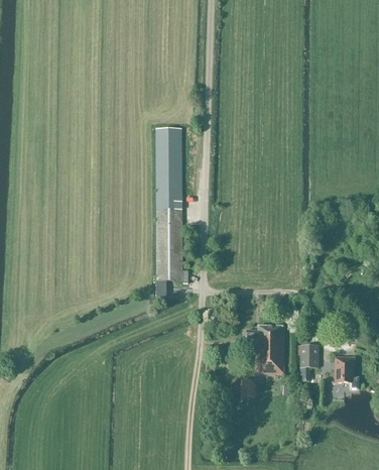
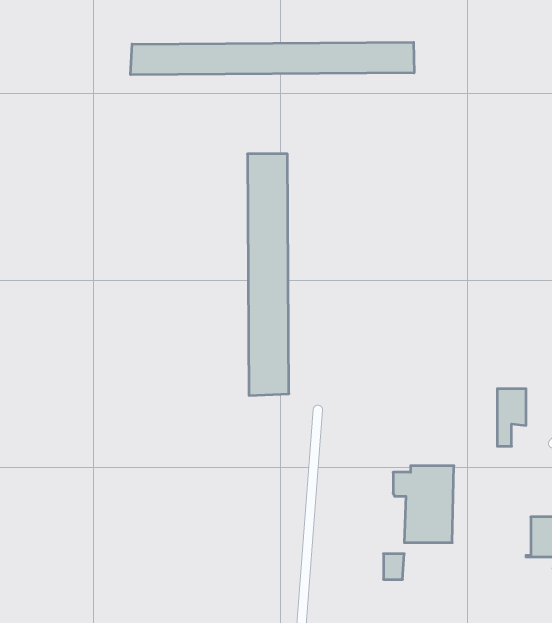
building: none -> [131,42,414,75]
building: [300,344,319,380] -> [497,389,526,446]

